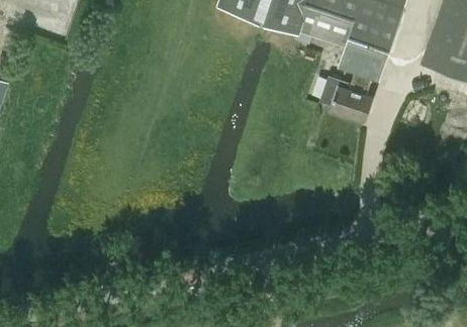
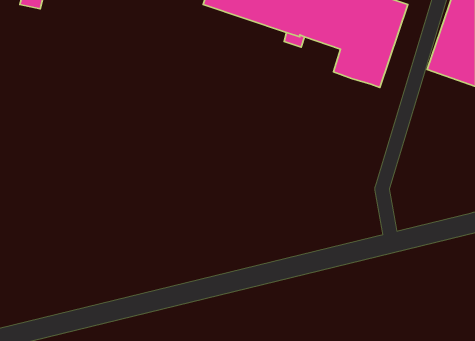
building: [319,74,373,121] -> none

